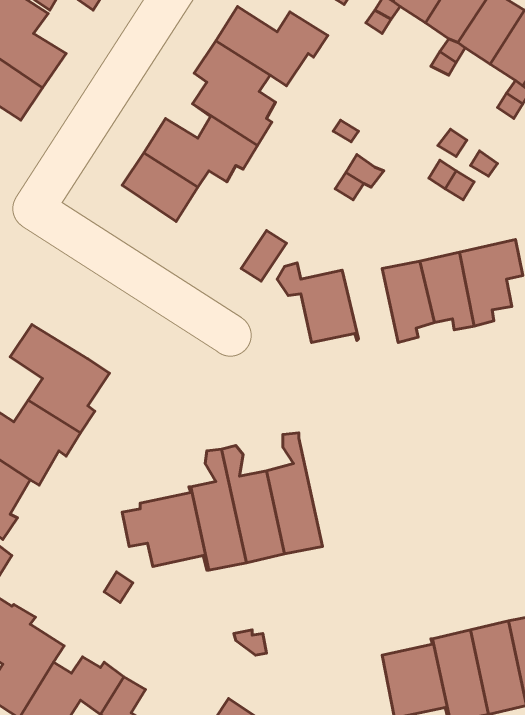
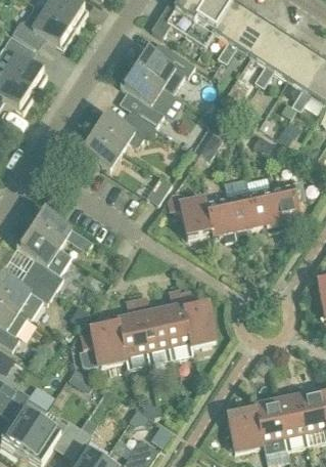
building: none -> [204,195,236,239]
building: none -> [29,207,93,250]
building: none -> [180,289,217,352]

